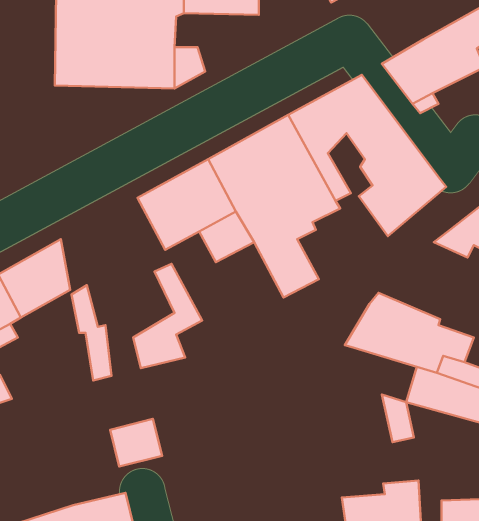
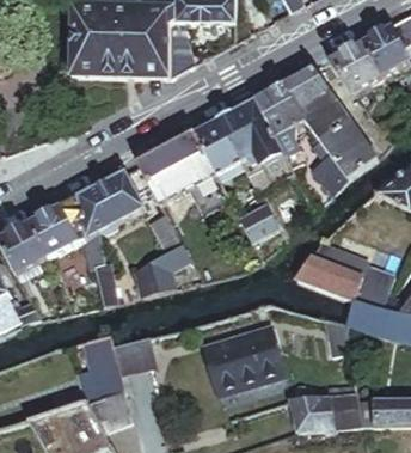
building: none -> [78,170,142,238]
building: none -> [202,324,283,393]
building: none -> [80,332,128,402]

